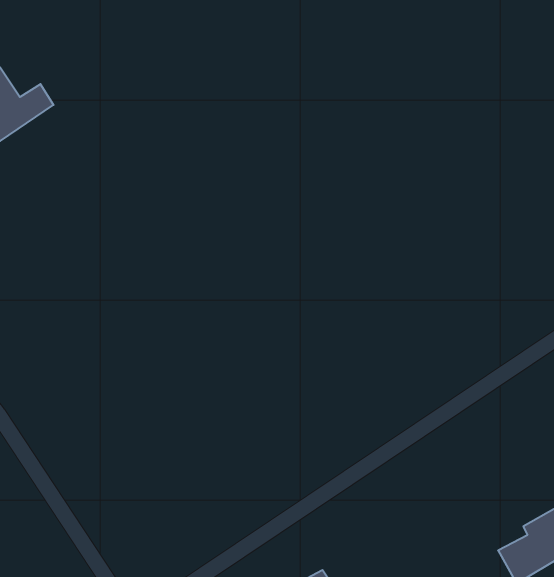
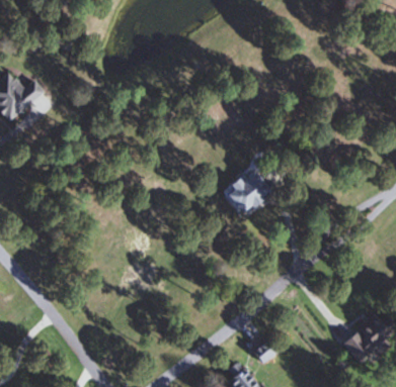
building: none -> [227,173,271,214]

